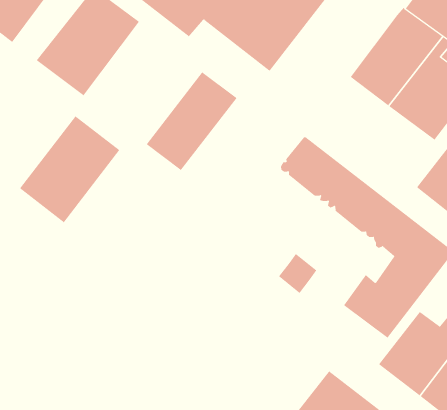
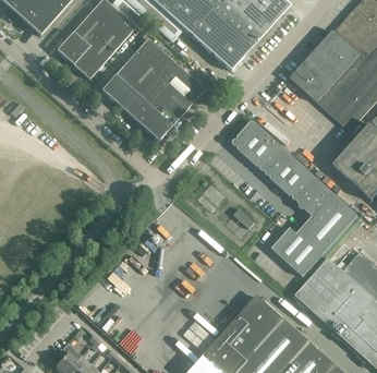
building: [19,116,120,223] -> [102,38,180,118]

